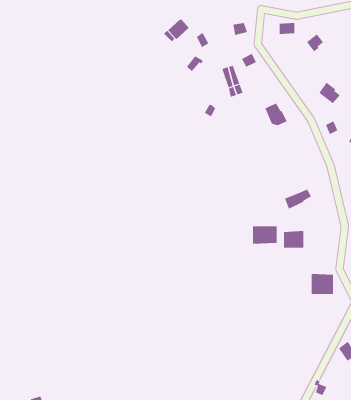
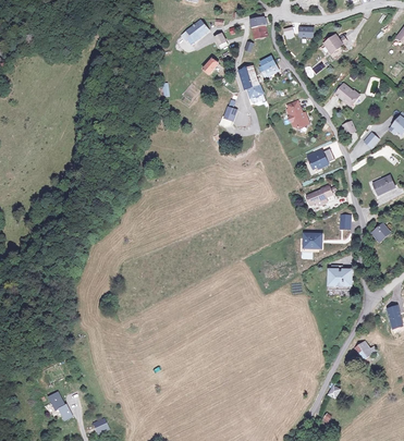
building: none -> [306,146,335,170]
building: [253,226,277,245] -> none

